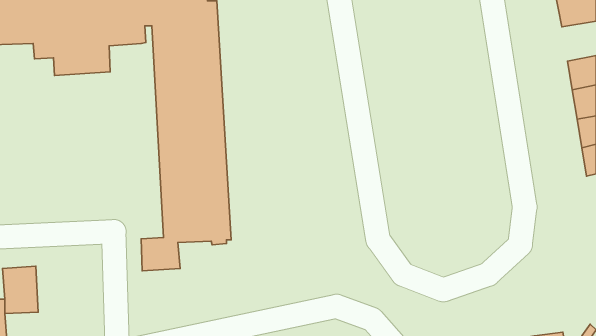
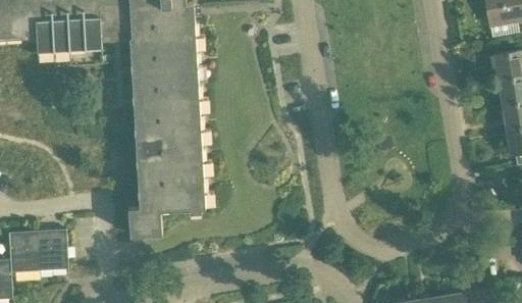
building: none -> [37,231,67,271]

